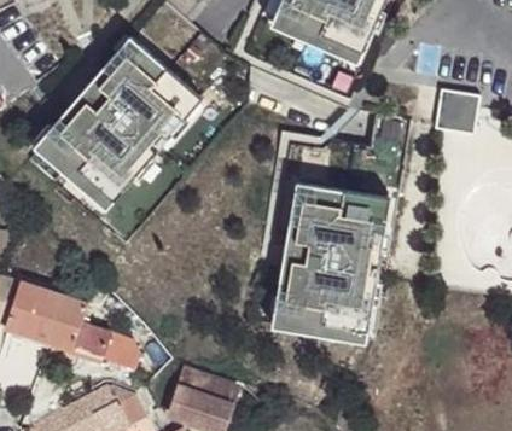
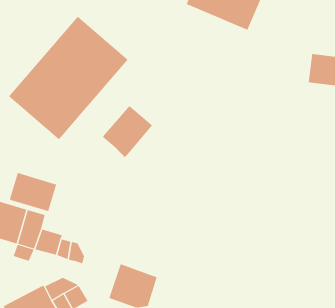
building: none -> [103,105,153,158]
building: [274,185,385,338] -> none
building: none -> [9,172,57,212]

